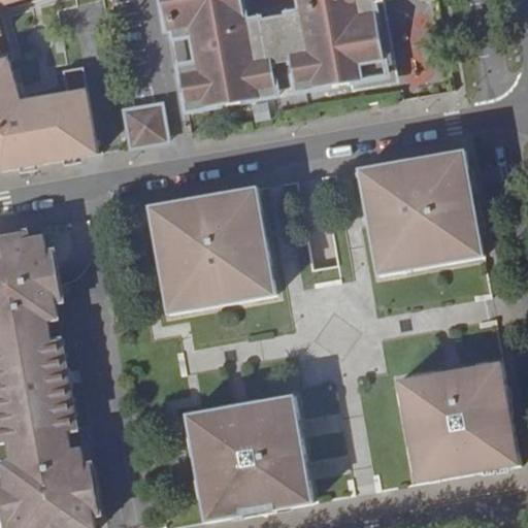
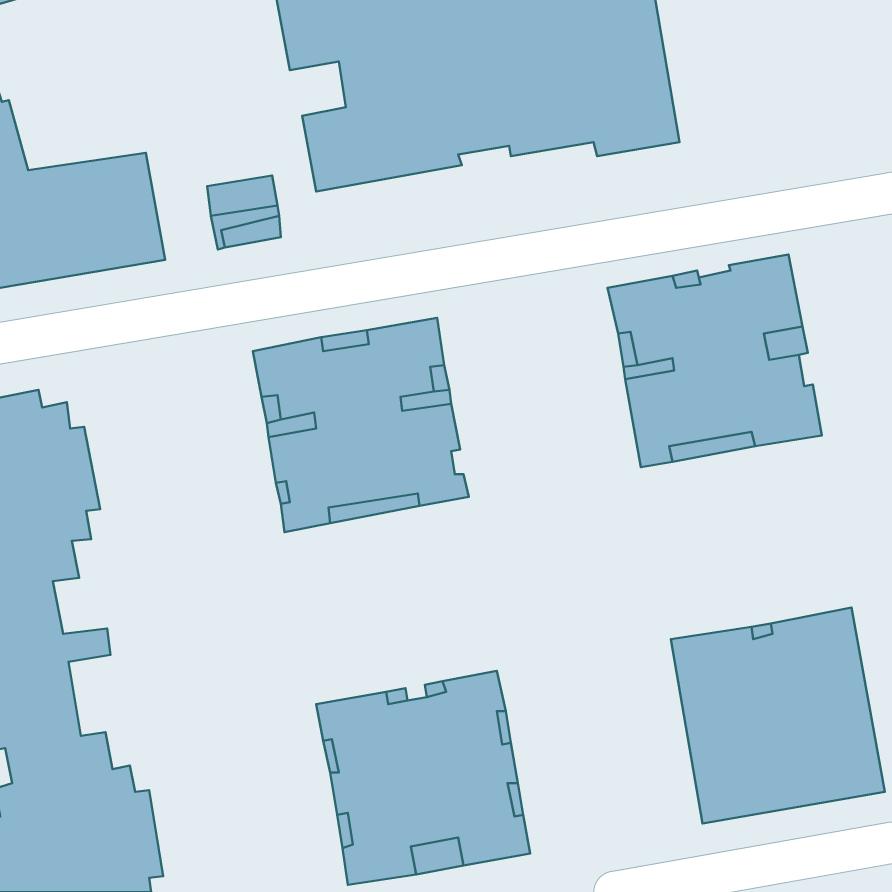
building: [31,338,63,372] -> none
building: [40,385,72,432] -> none

